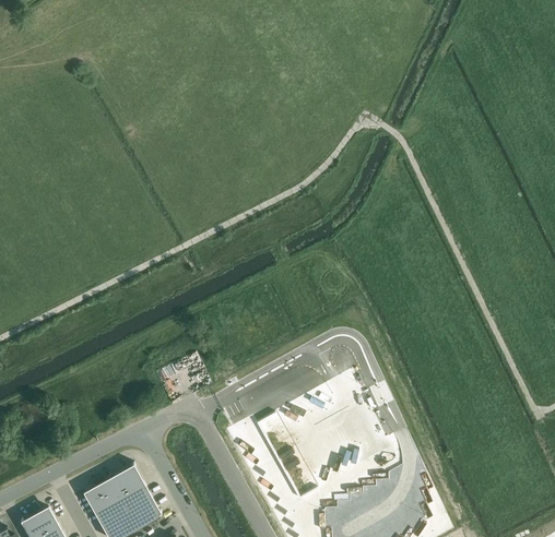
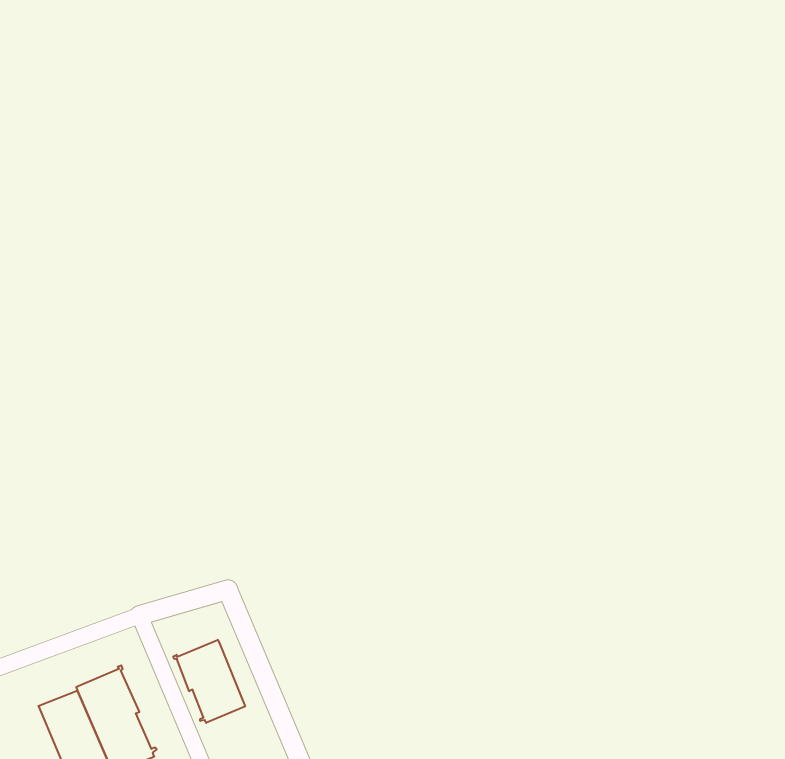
building: none -> [173,640,245,723]

